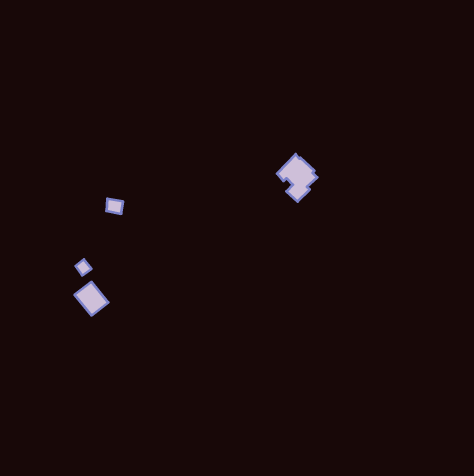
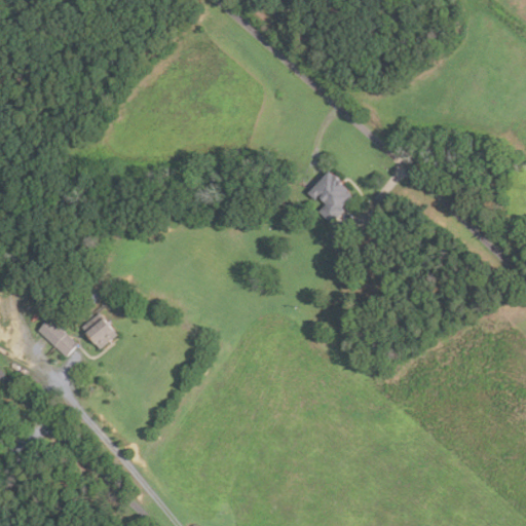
building: none -> [39,317,78,356]

